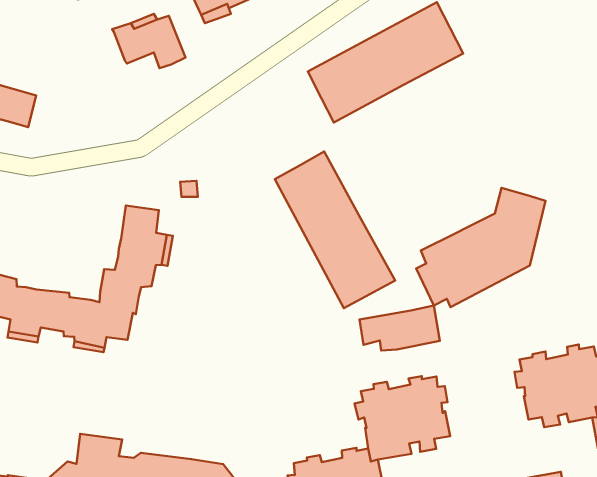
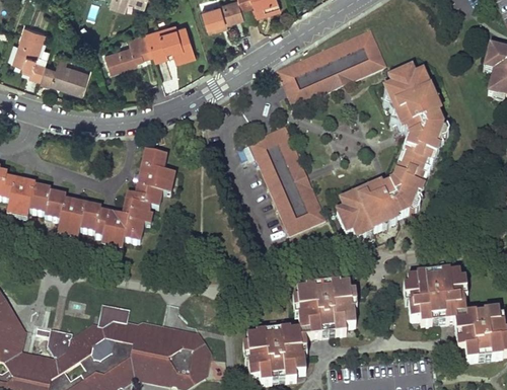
building: none -> [106,30,153,70]
building: none -> [385,64,448,165]
building: [359,306,440,350] -> none

